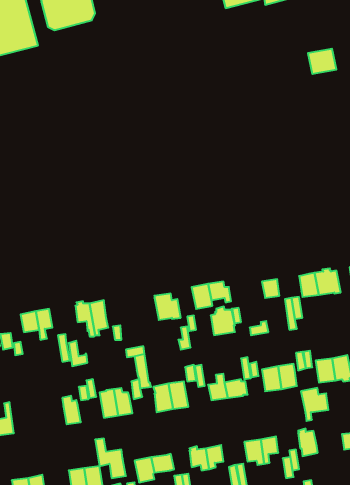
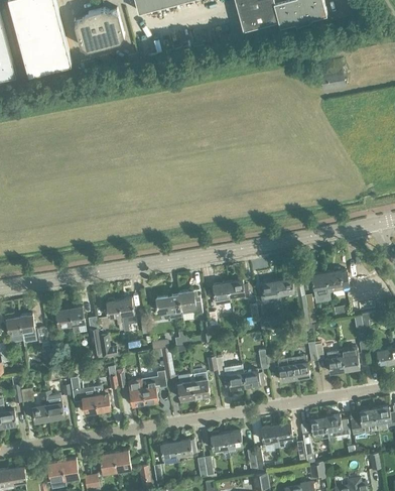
building: none -> [155,295,182,321]
building: [211,307,235,335] -> [257,278,279,304]
building: [301,388,328,421] -> [323,414,349,445]
building: none -> [44,391,63,419]
building: [95,439,126,478] -> [69,377,97,413]

